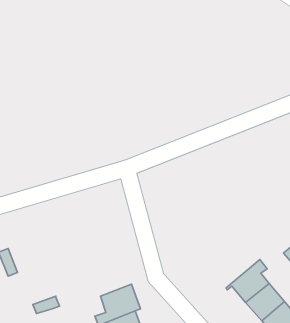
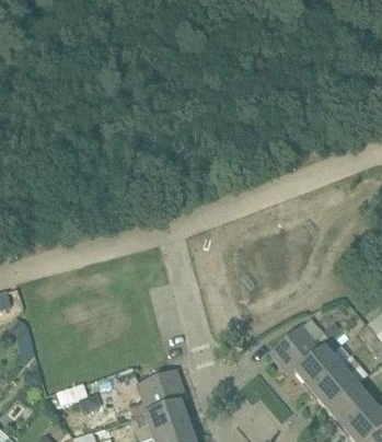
building: none -> [270,325,329,372]

